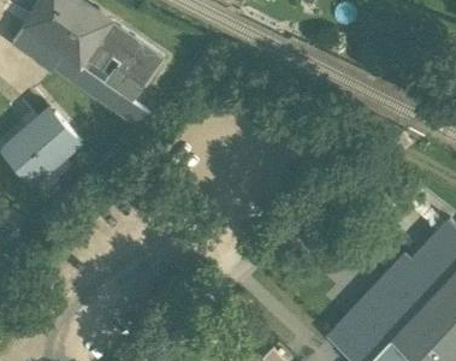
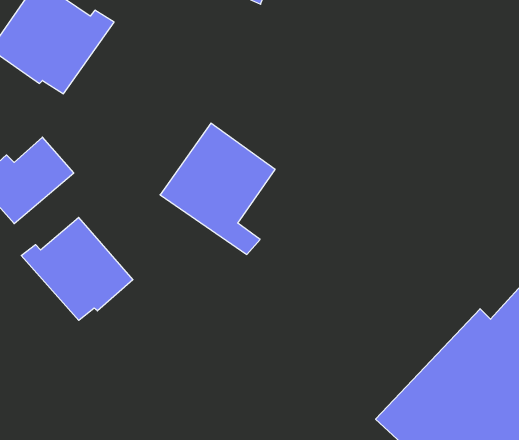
building: [72,22,165,128] -> [160,123,275,254]
building: none -> [21,217,133,320]

